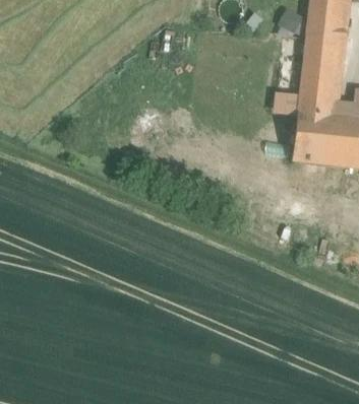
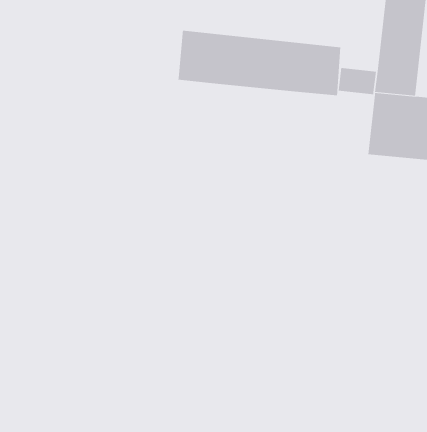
building: none -> [178,30,341,96]

